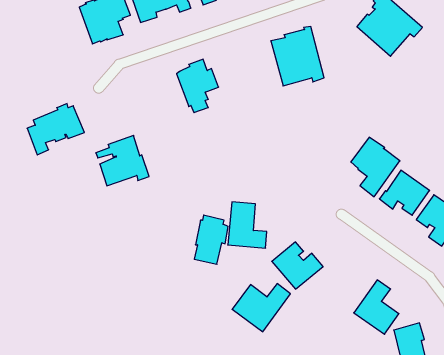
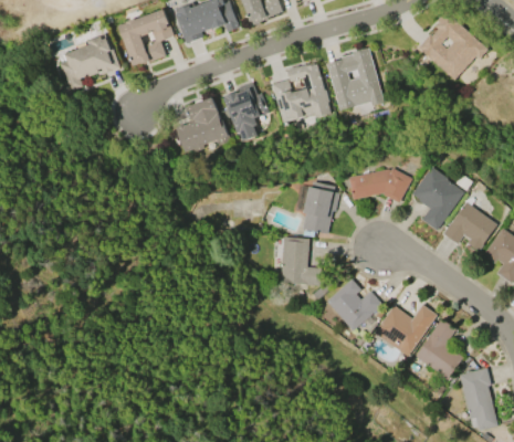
building: none -> [272,63,331,124]
building: [27,104,84,155] -> [59,36,120,92]
building: [96,135,149,186] -> [174,97,231,151]
building: none -> [348,168,412,203]
building: [194,215,228,264] -> [303,181,339,234]
building: [232,284,290,332] -> [375,304,438,356]

